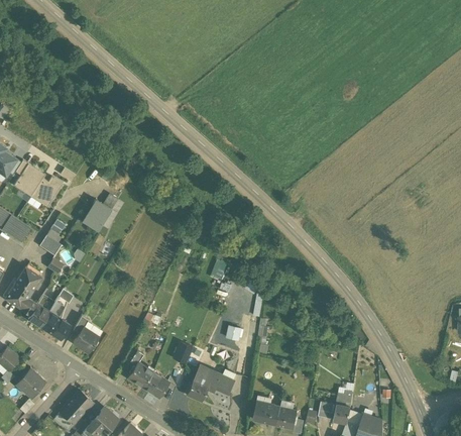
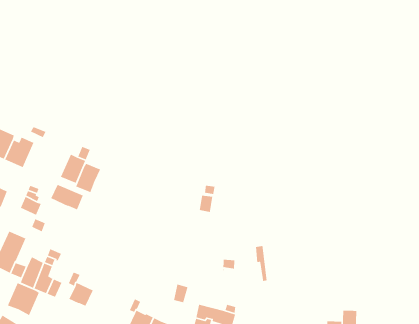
building: none -> [75,163,101,193]
building: none -> [50,184,84,211]
building: none -> [7,282,40,316]

